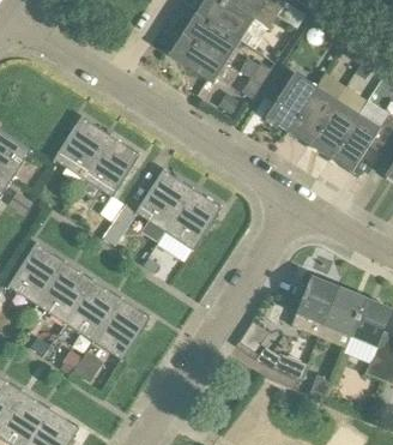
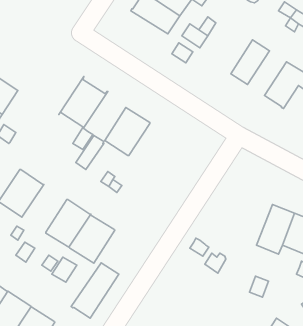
building: [261,67,314,130] -> none
building: [308,102,355,156] -> none
building: [53,114,111,179] -> none
building: [165,190,219,247] -> none
building: [37,263,91,320] -> none
building: [291,276,338,336] -> none
building: none -> [71,263,119,318]

